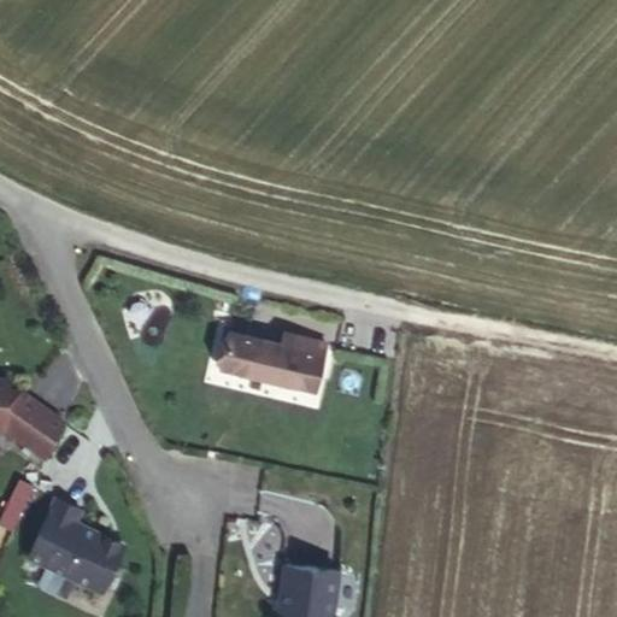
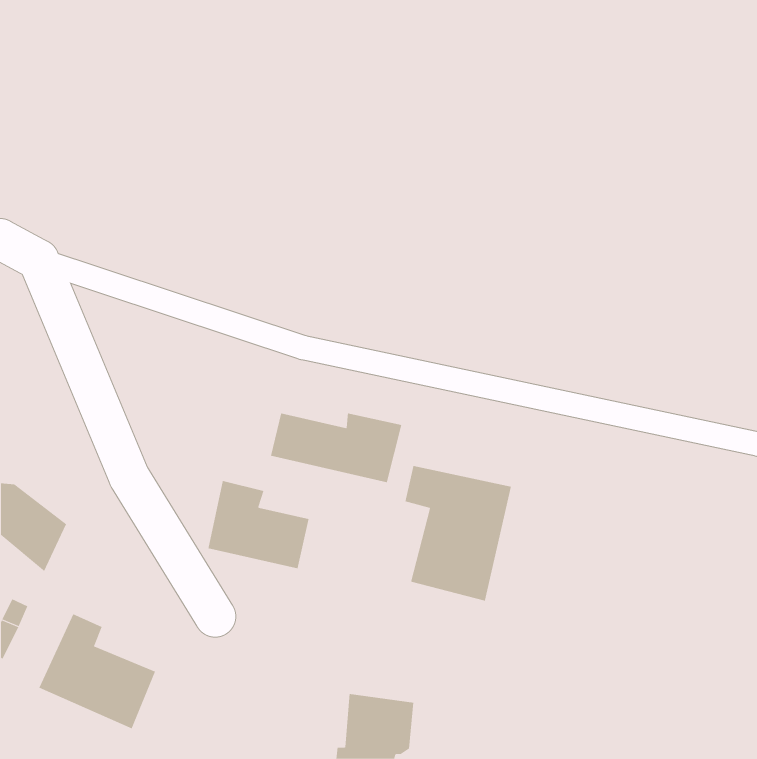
building: none -> [405,465,511,601]
building: none -> [208,480,309,569]

